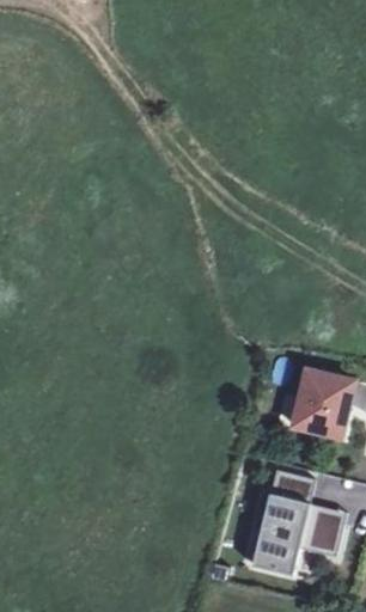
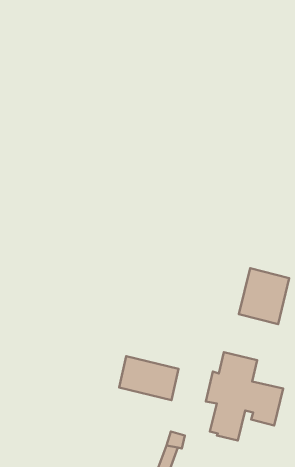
building: none -> [119,356,178,400]

